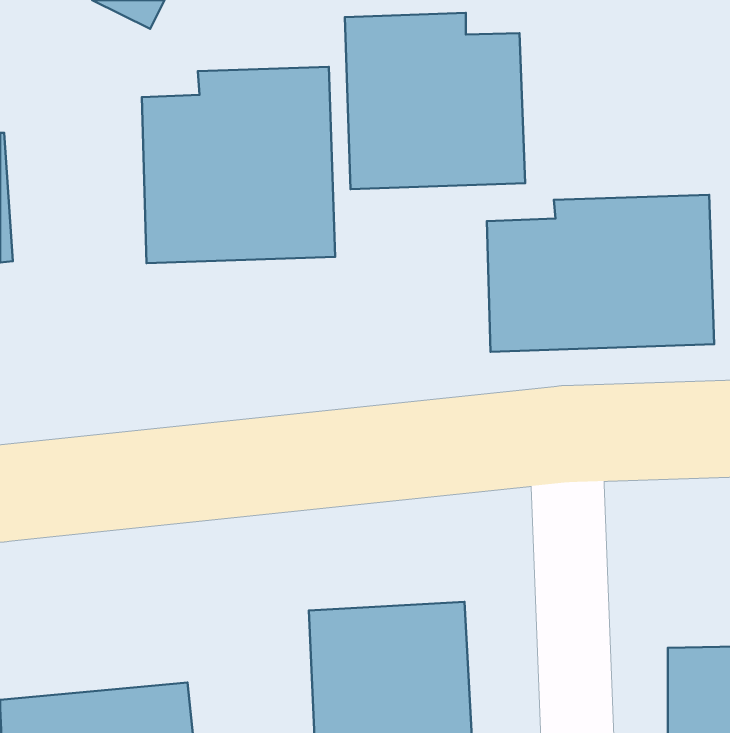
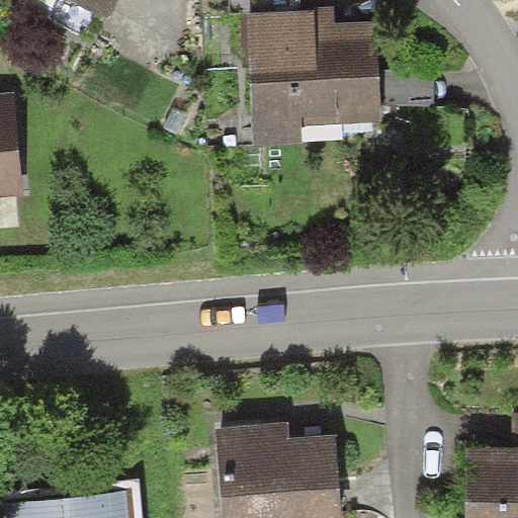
building: [142,67,335,263] -> none
building: [487,195,714,352] -> none

